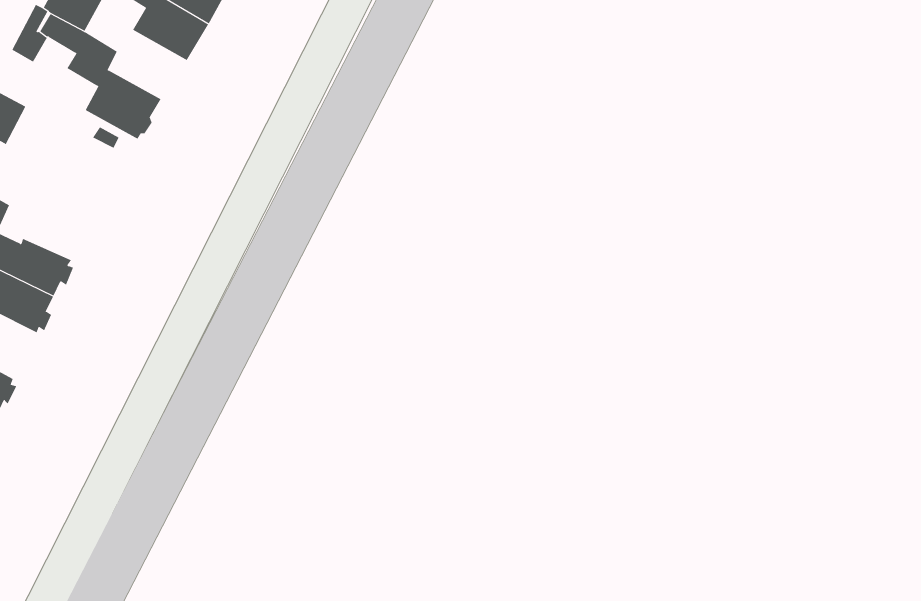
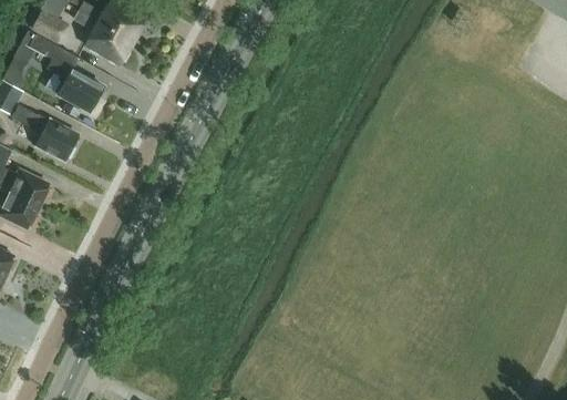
building: none -> [12,105,78,161]

